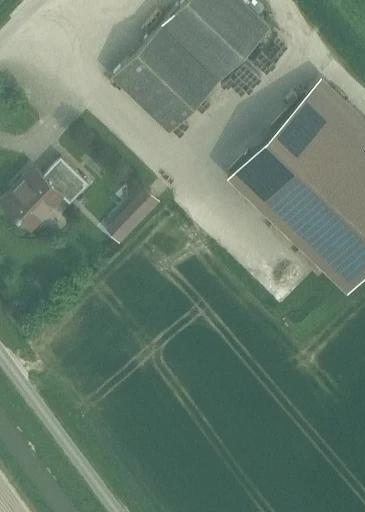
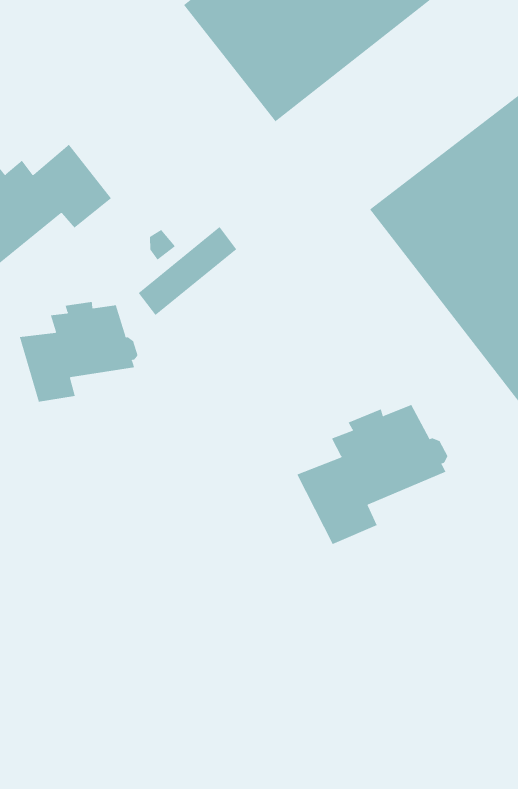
building: none -> [19,301,138,403]
building: none -> [296,404,448,545]

